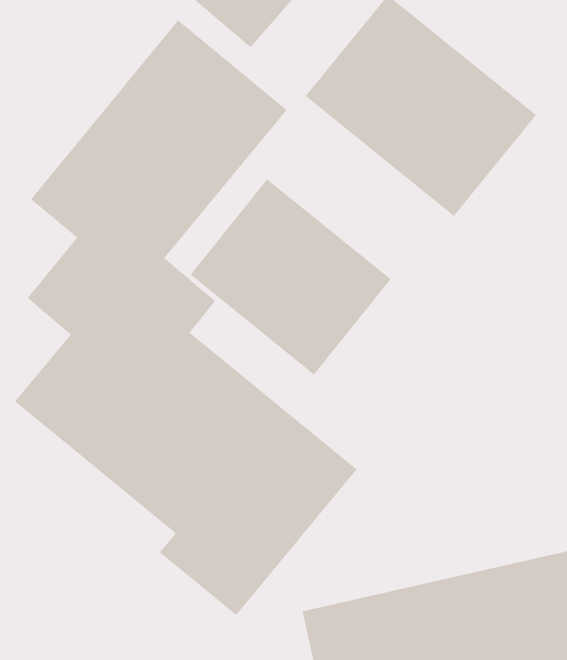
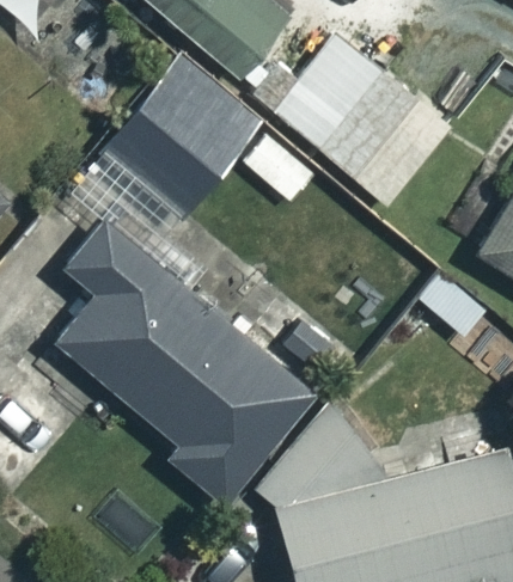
building: [190,178,391,375] -> none

